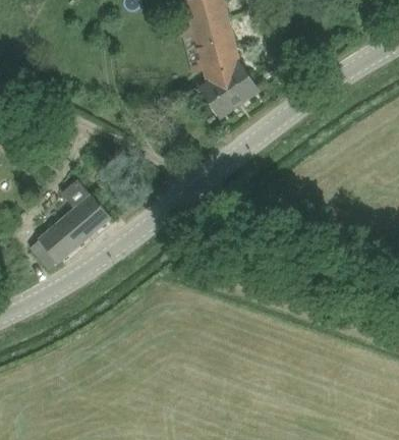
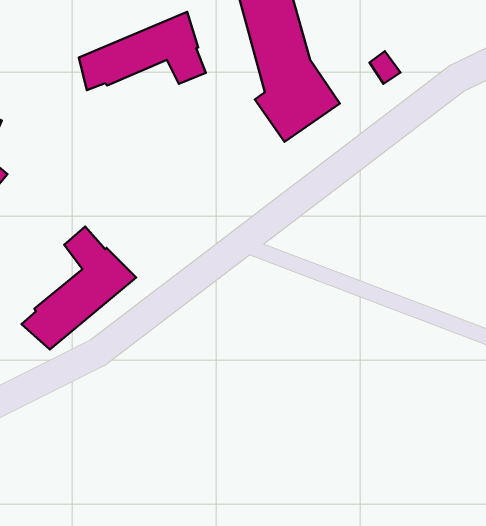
building: none -> [79,12,206,90]

